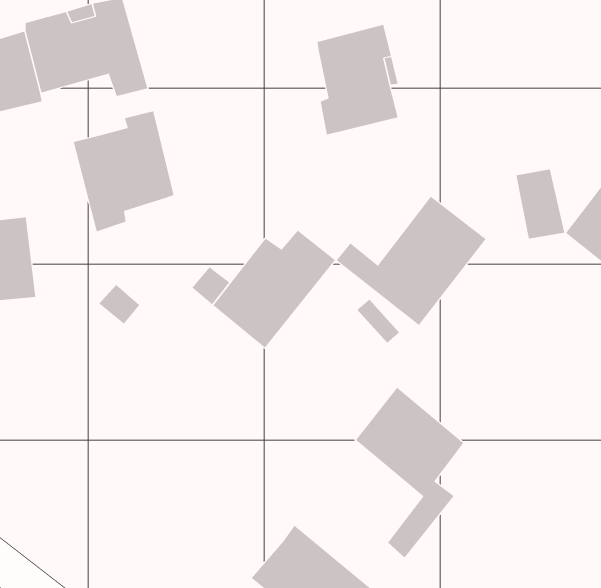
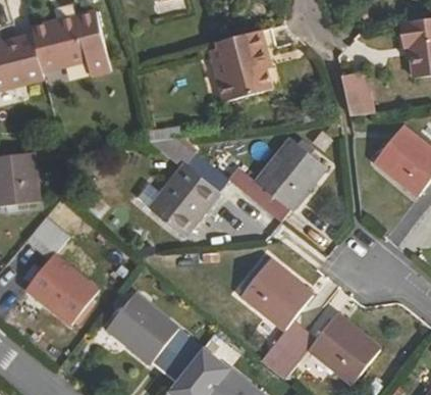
building: [73,110,174,232] -> none
building: [515,169,565,239] -> [341,70,373,115]
building: none -> [25,216,98,324]
building: none -> [109,294,196,381]
building: none -> [273,314,378,383]

